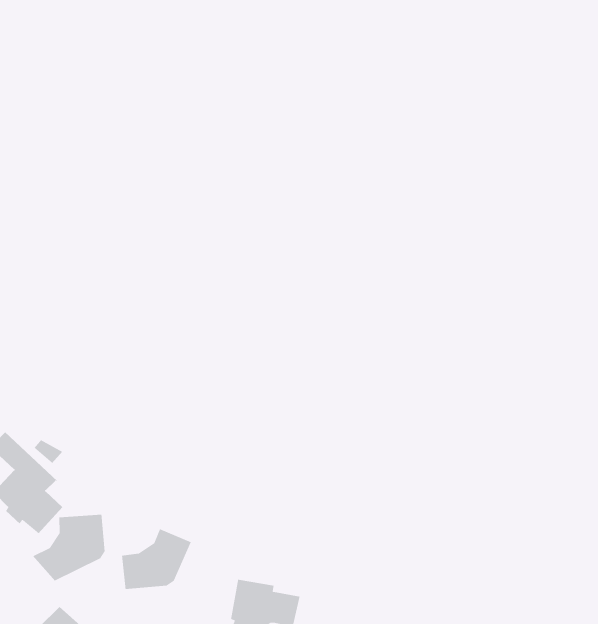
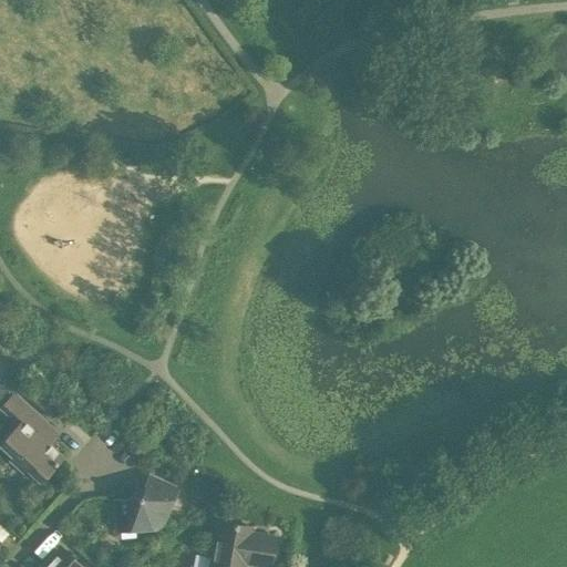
building: [32,514,105,582] -> none

